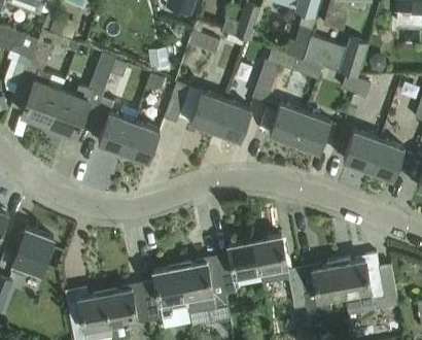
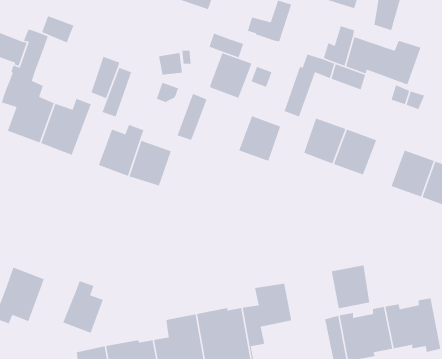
building: [190,92,226,131] -> [209,52,253,99]
building: [254,236,287,273] -> [331,265,370,309]
building: none -> [62,280,104,334]

